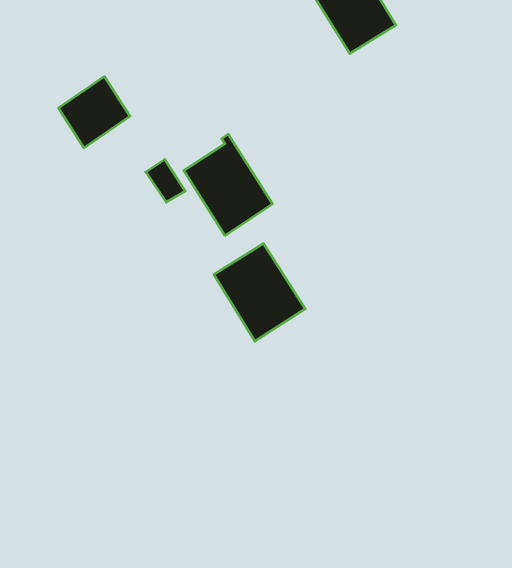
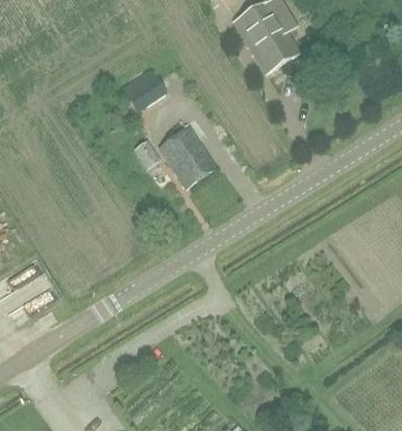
building: [59,77,130,148] -> [121,66,167,112]
building: [214,244,305,341] -> none

